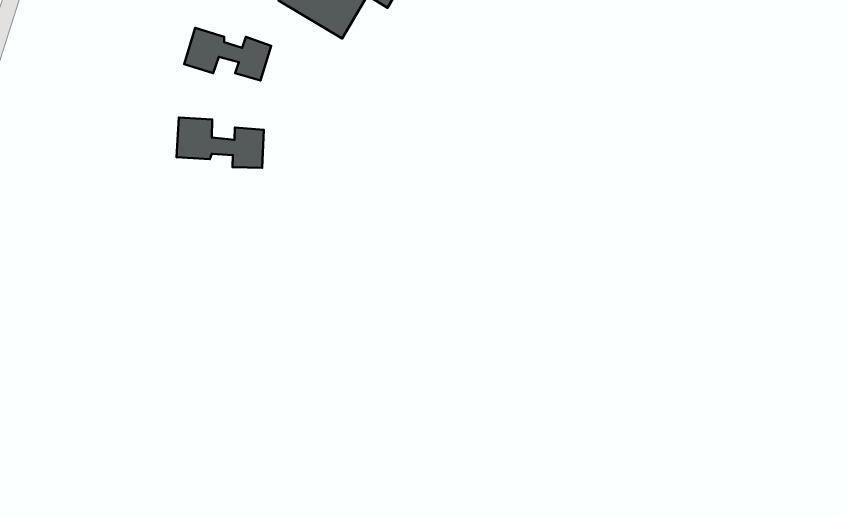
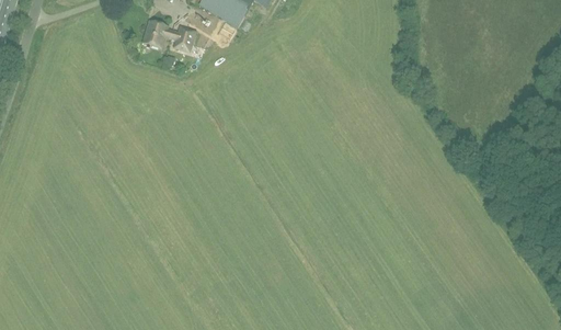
building: [176,118,264,168] -> none

